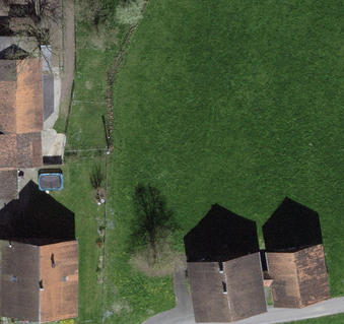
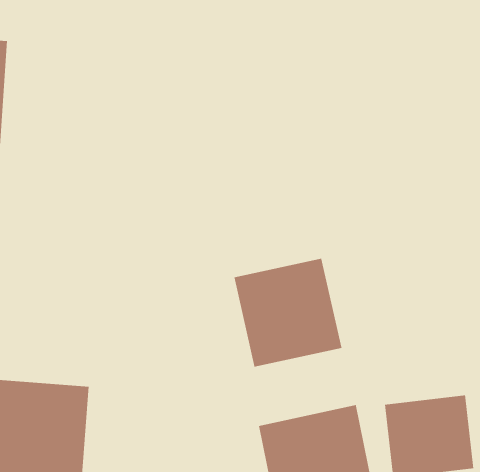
building: none -> [234,258,342,368]

